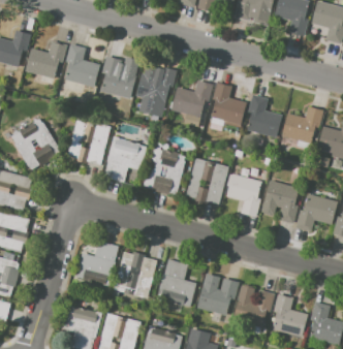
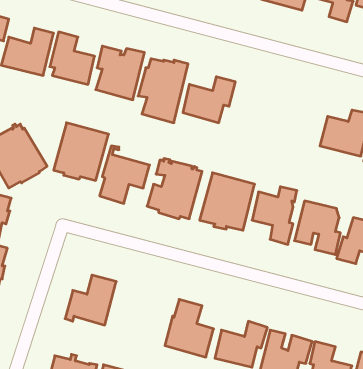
building: [210,82,247,131] -> none
building: [248,96,282,138] -> none
building: [114,252,158,298] -> none

